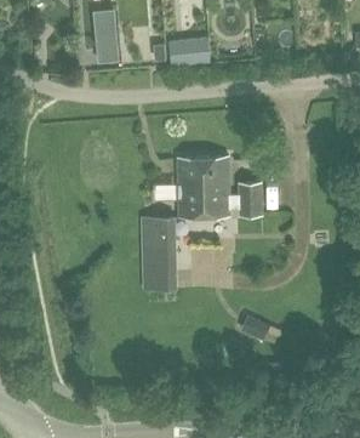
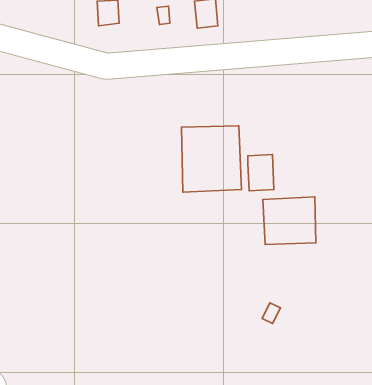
building: [142,217,175,272] -> none
building: none -> [263,197,316,244]

